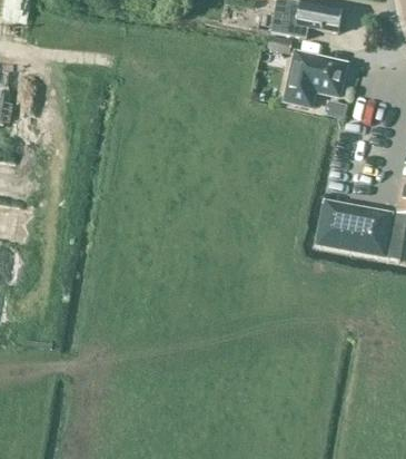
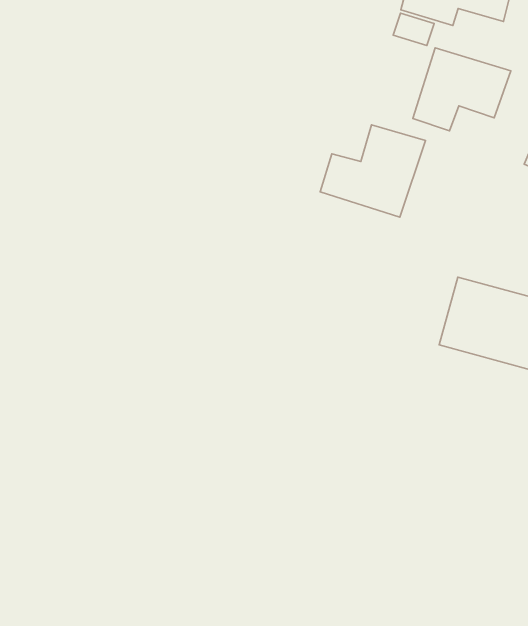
building: none -> [320,125,426,217]

